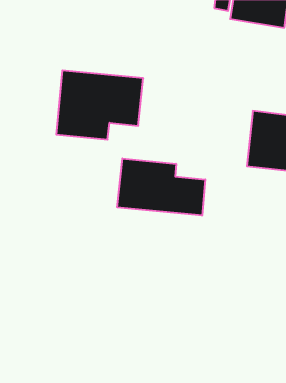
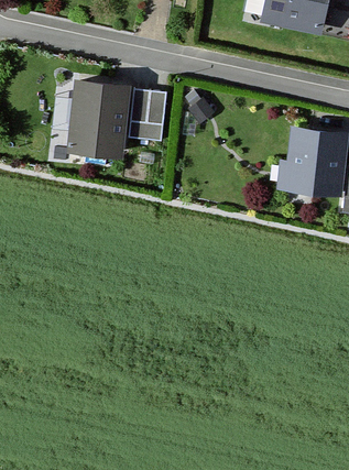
building: [117,158,205,216] -> none

